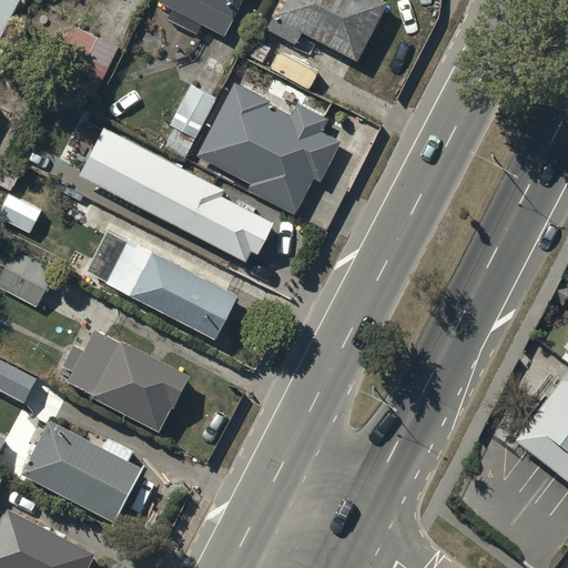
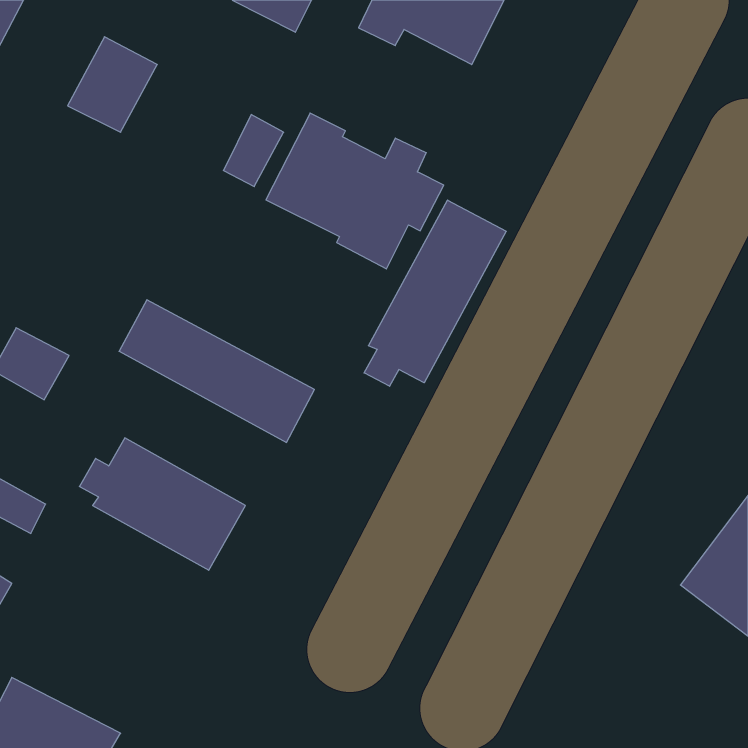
building: [80,128,271,255] -> none
building: none -> [364,200,506,386]
building: [26,427,141,524] -> none

